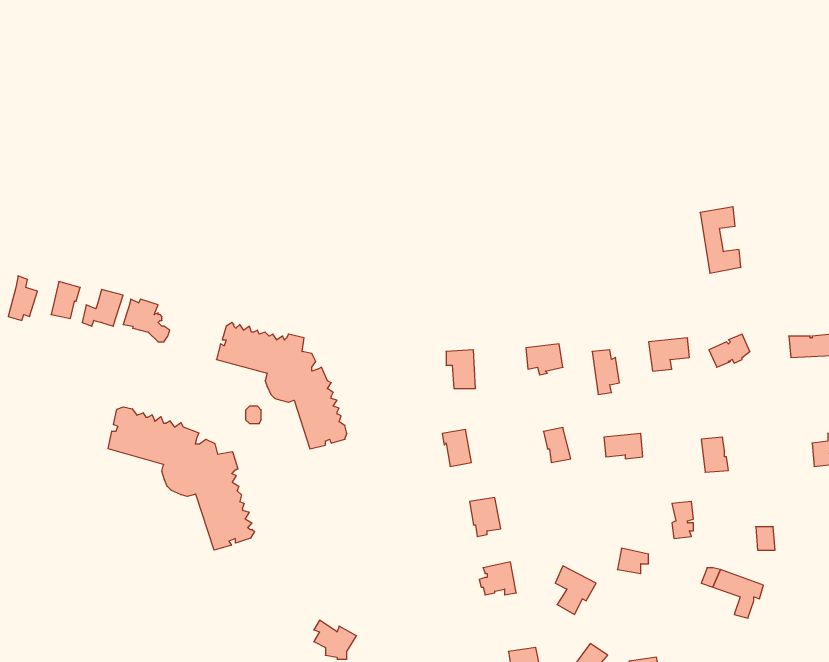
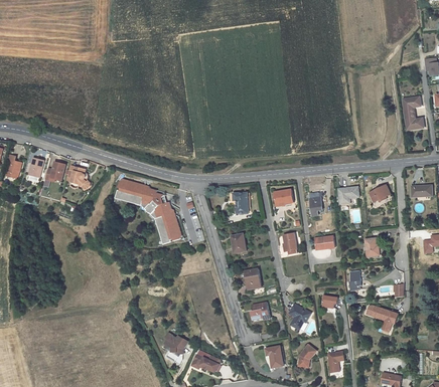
building: [700,207,741,273] -> [402,95,423,130]
building: [108,407,255,550] -> none

